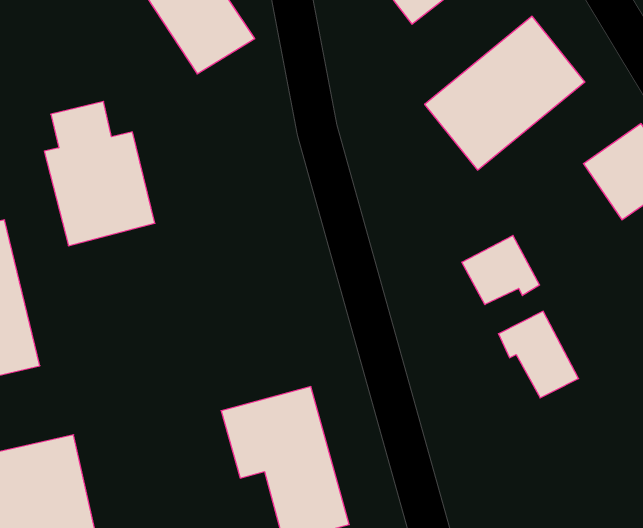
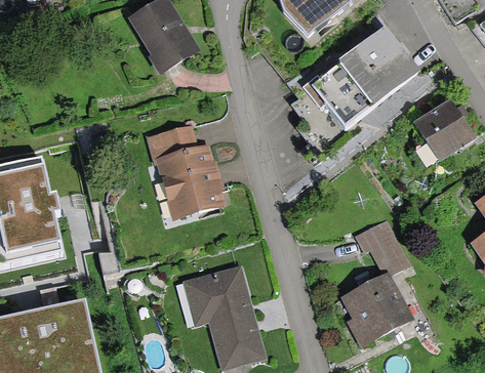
building: [44,101,155,246] -> [155,122,226,214]
building: [462,235,540,305] -> none
building: none -> [341,271,414,341]

